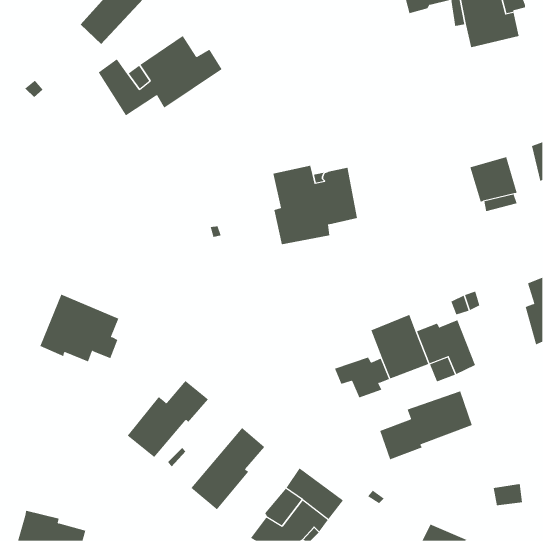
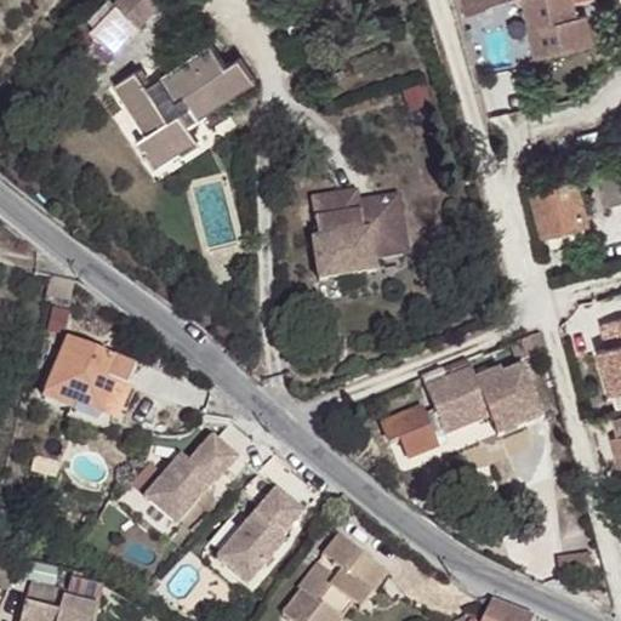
building: none -> [133,109,196,167]
building: [380,390,472,460] -> none

